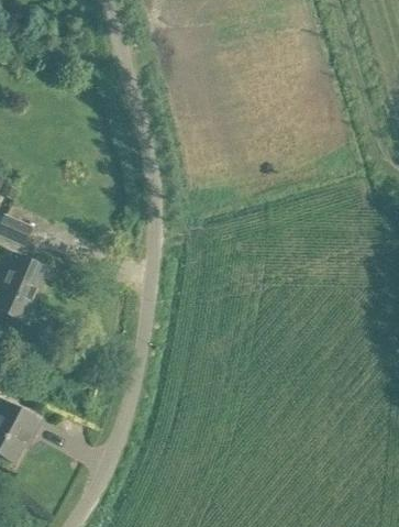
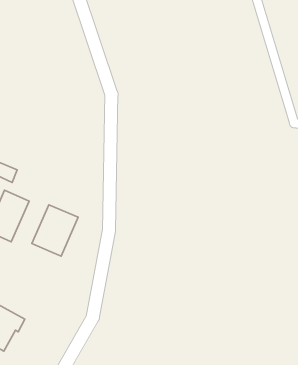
building: none -> [32,205,78,256]

